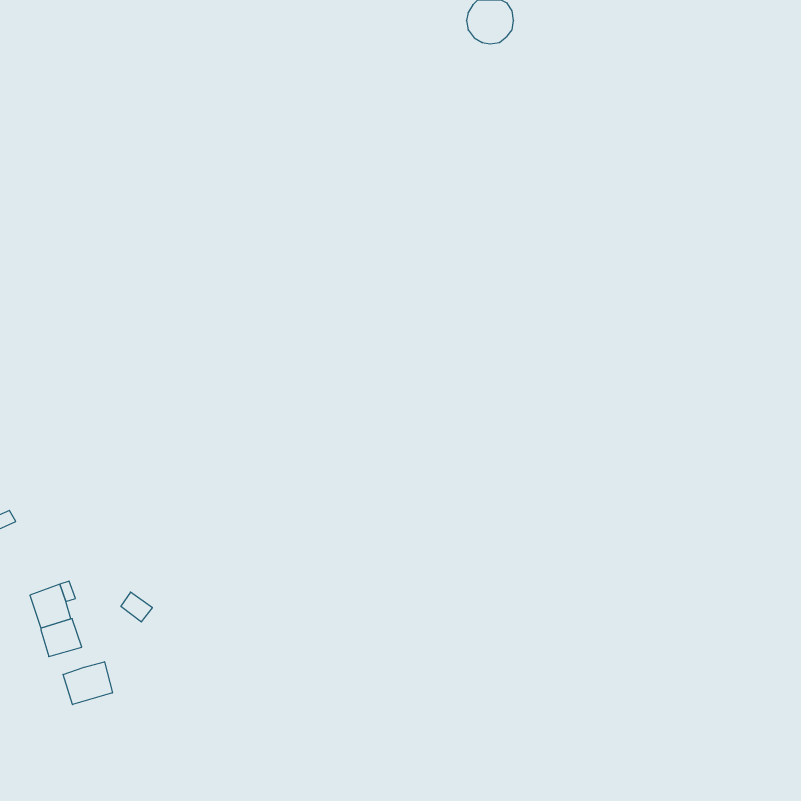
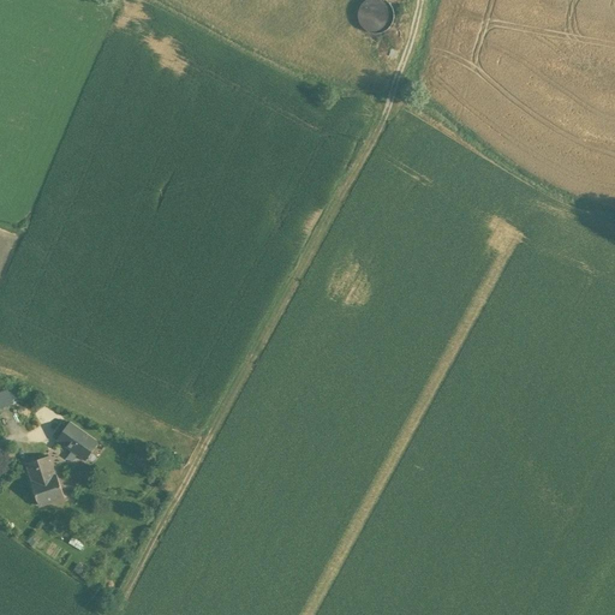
building: none -> [58,423,97,460]
building: [63,662,112,705] -> none

